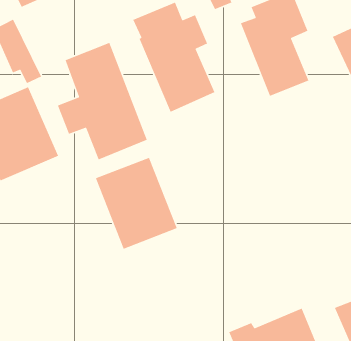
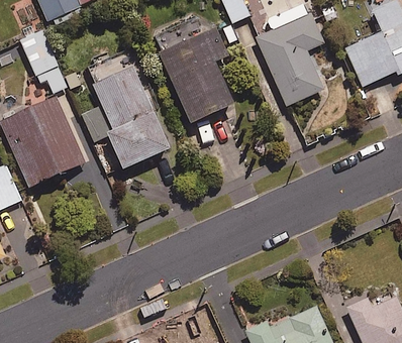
building: [95,157,178,250] -> none

